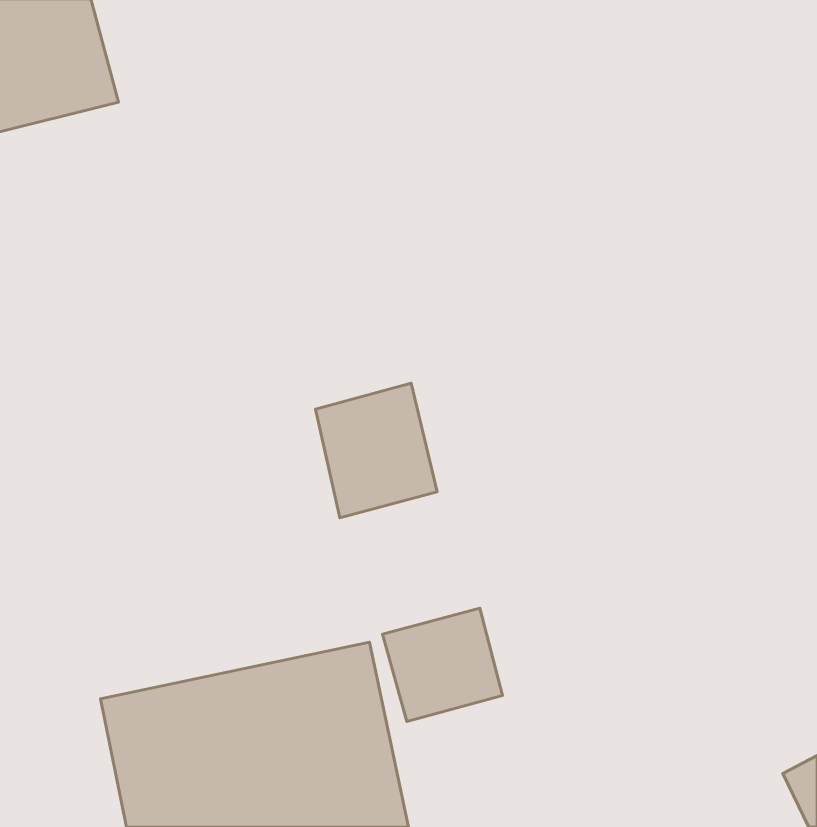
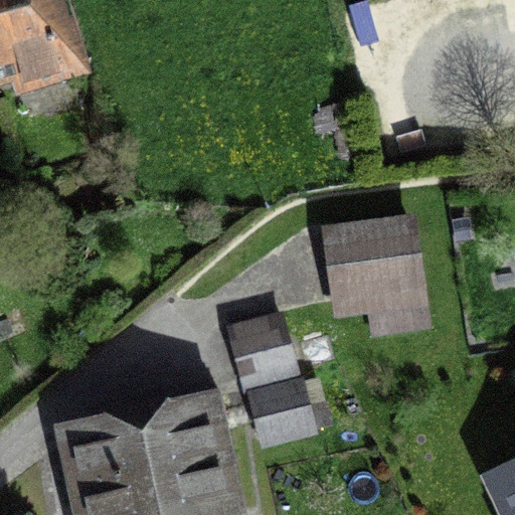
building: none -> [323,219,440,342]
building: [316,383,437,518] -> [222,310,298,393]

